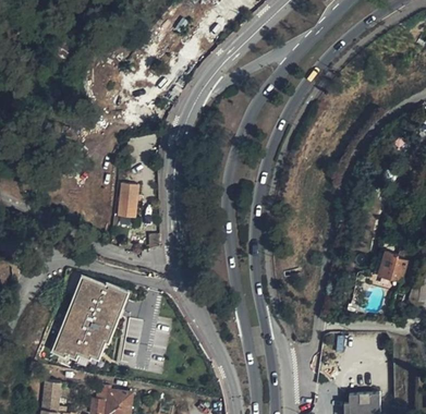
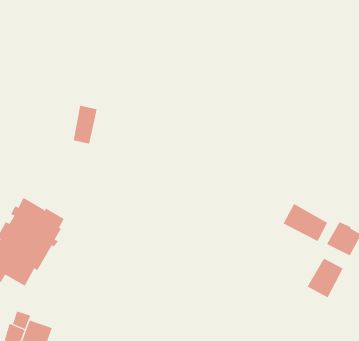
building: none -> [283,203,328,242]
building: none -> [307,258,344,298]

